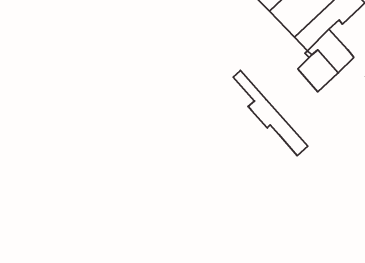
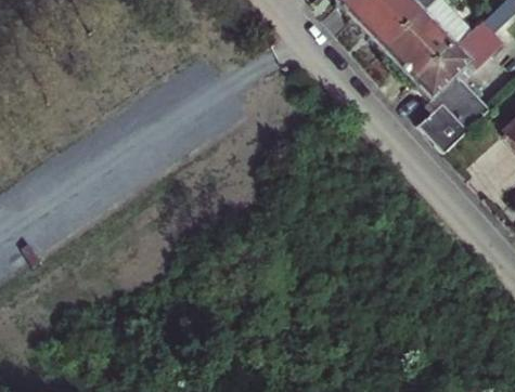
building: [233,70,308,156] -> none

